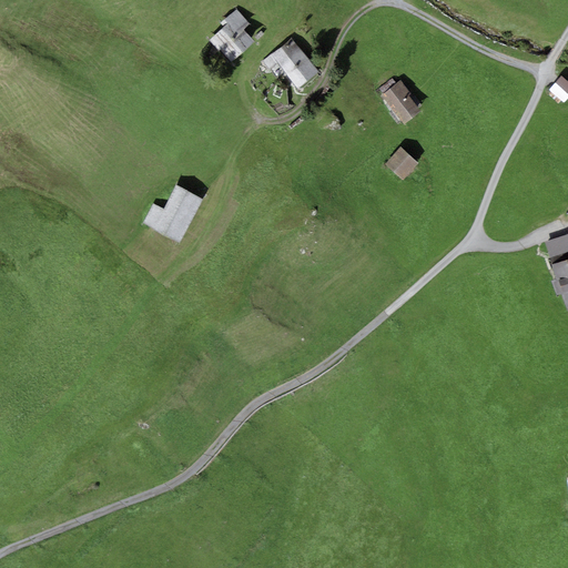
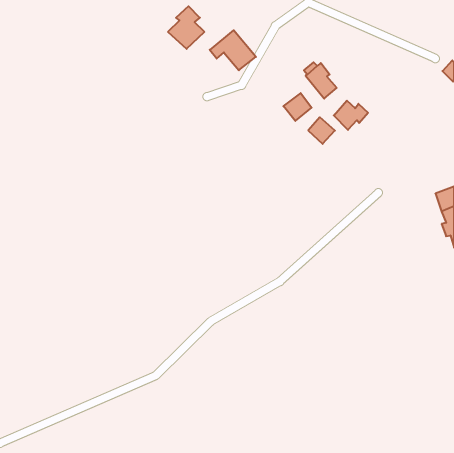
building: none -> [283,93,312,121]
building: none -> [334,101,368,130]
building: [142,184,203,242] -> none

